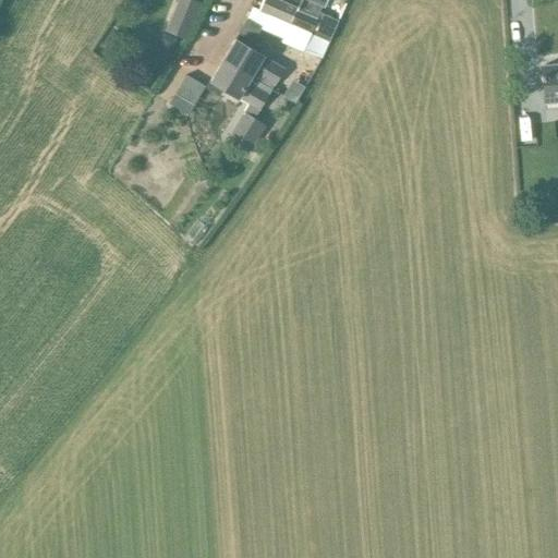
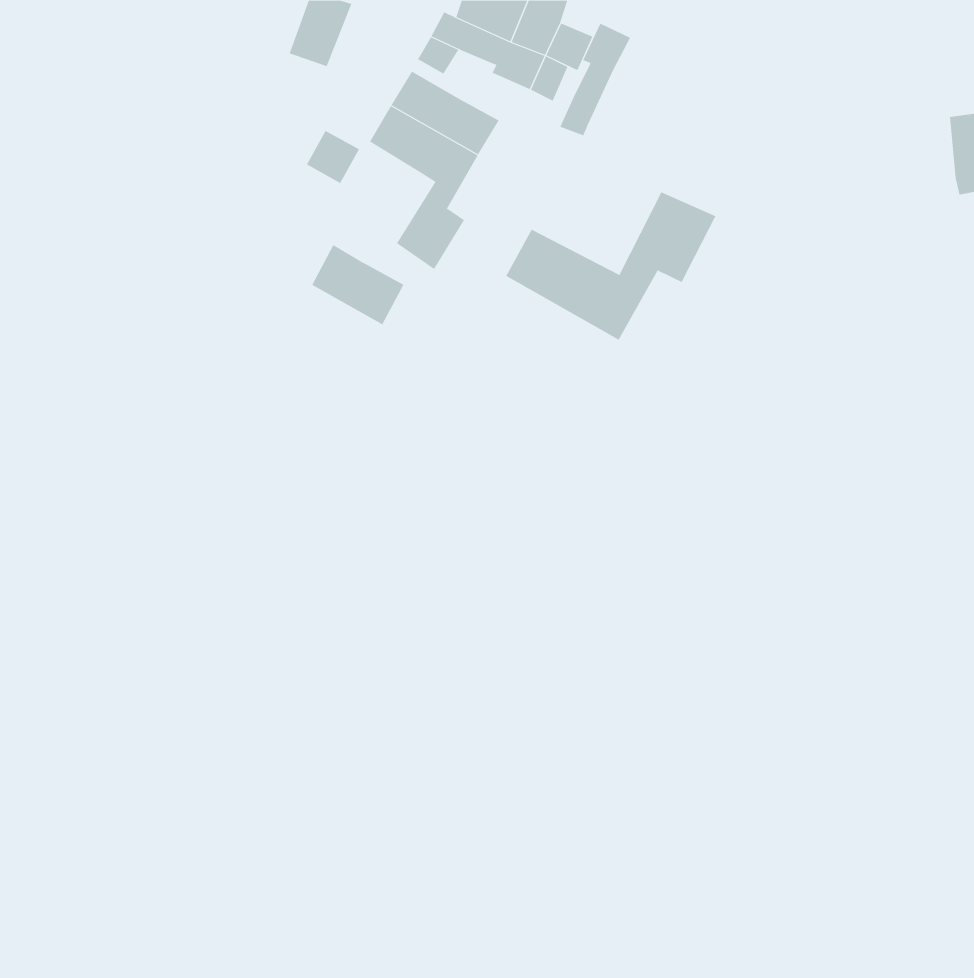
building: none -> [560,23,631,136]
building: none -> [505,191,716,341]
building: none -> [311,244,404,325]

